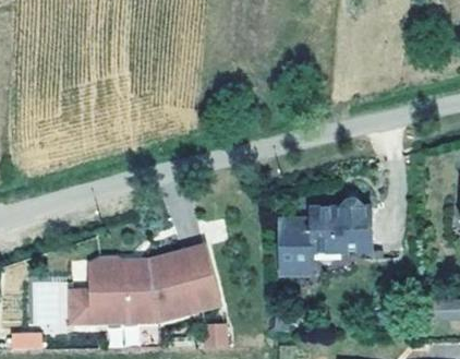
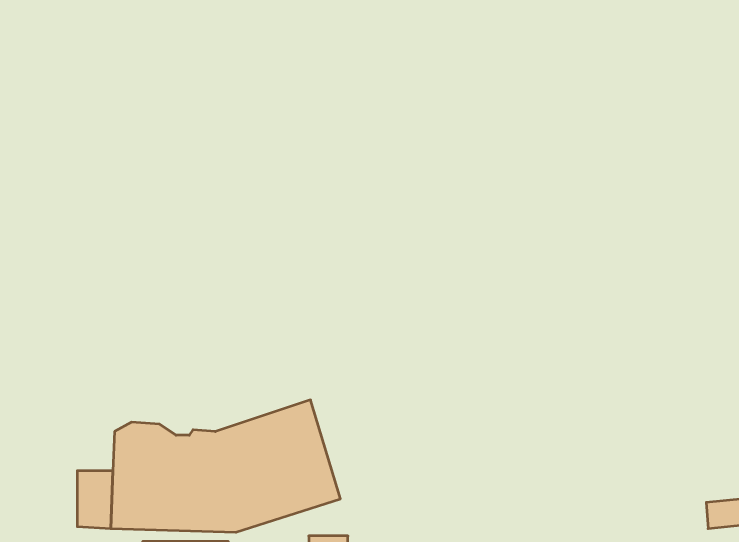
building: [280,196,373,270] -> none

